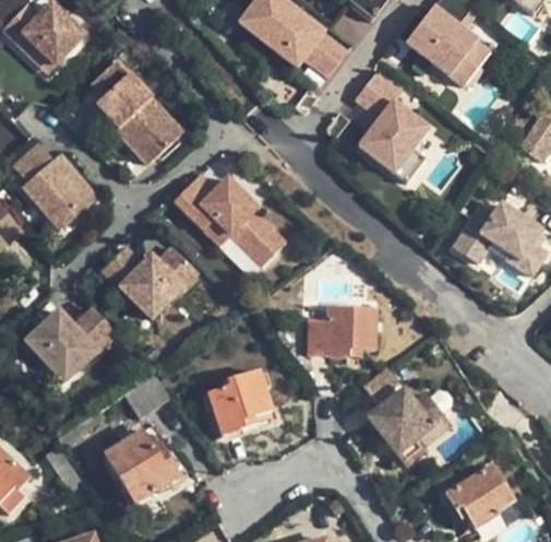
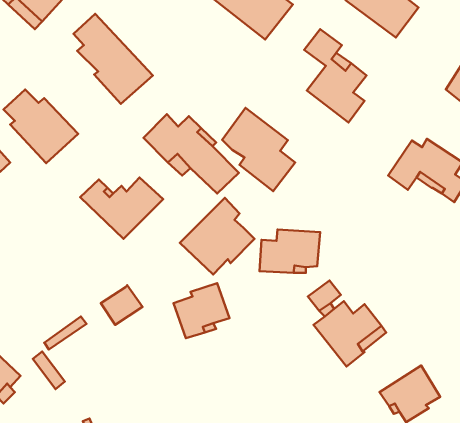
building: none -> [222,108,295,191]
building: none -> [180,198,254,274]
building: [23,307,115,381] -> none
building: [105,429,182,503] -> none

